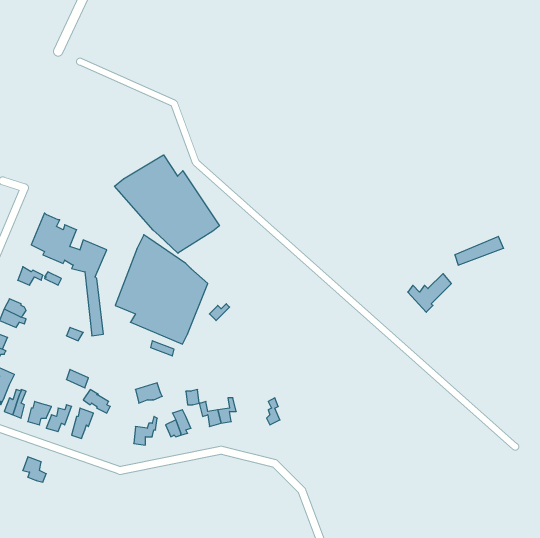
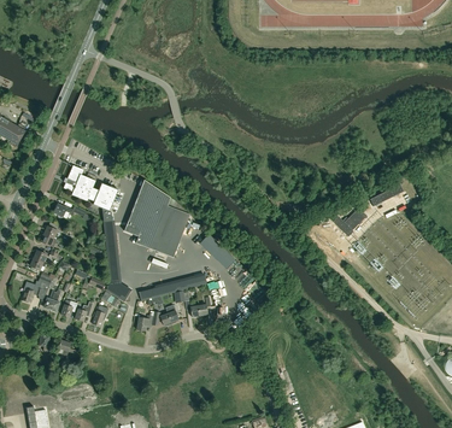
building: [115,155,219,253] -> none

